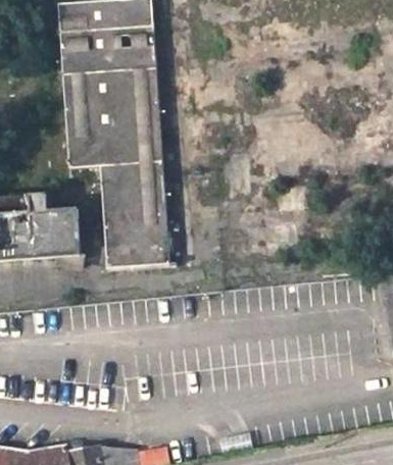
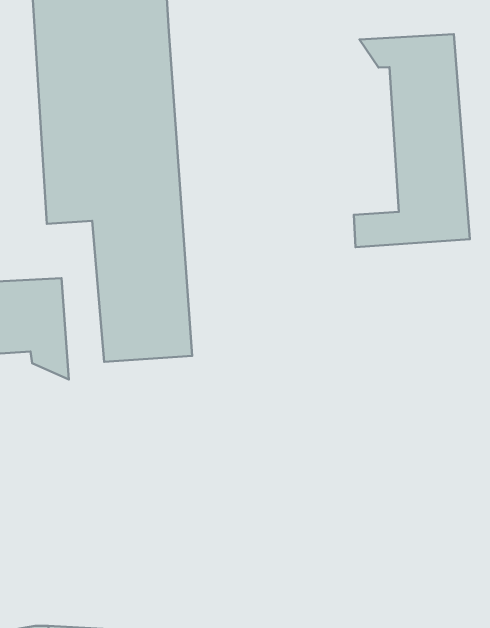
building: none -> [354,34,470,247]

